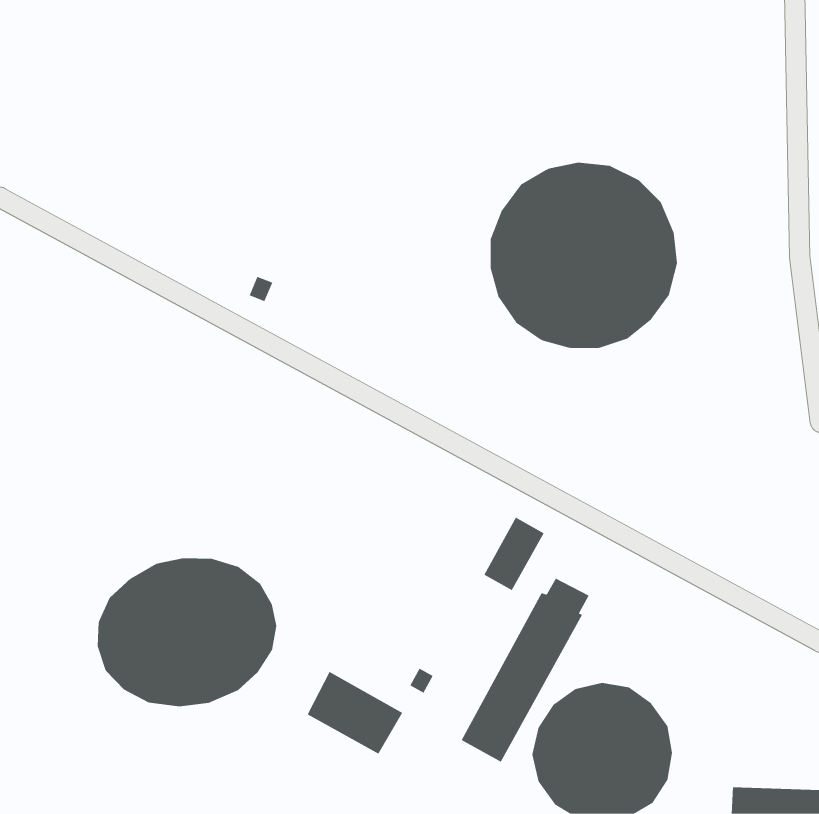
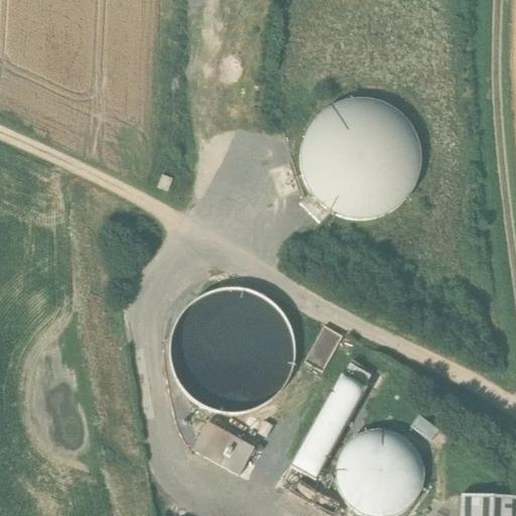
building: none -> [169,287,295,413]
building: [97,558,277,707] -> none

